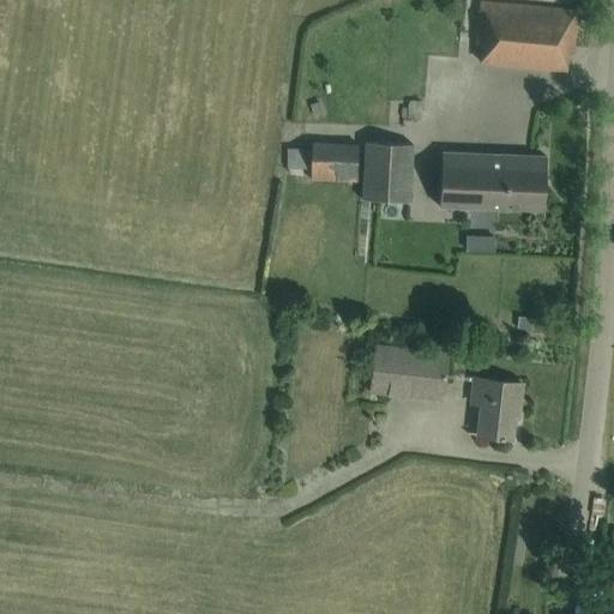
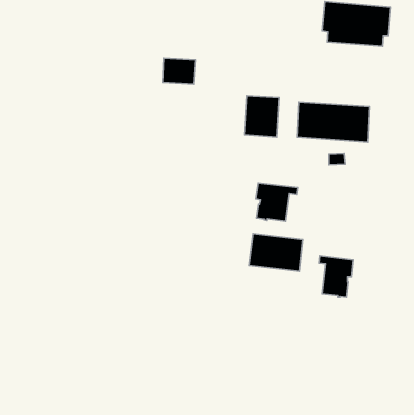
building: [312,143,360,181] -> [163,58,195,84]
building: none -> [256,183,298,221]

